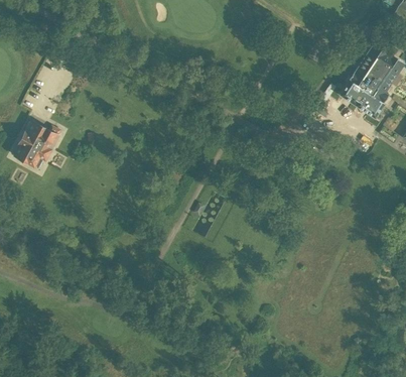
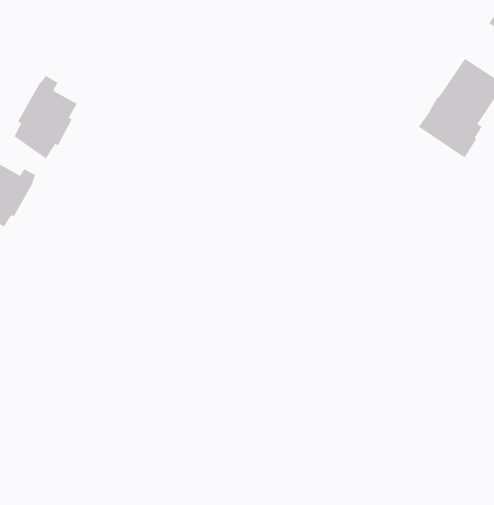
building: none -> [13,75,78,160]

